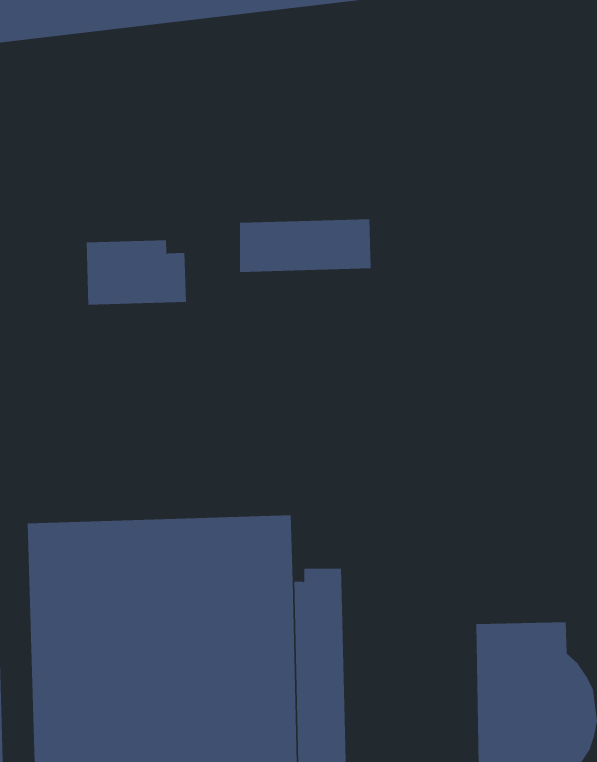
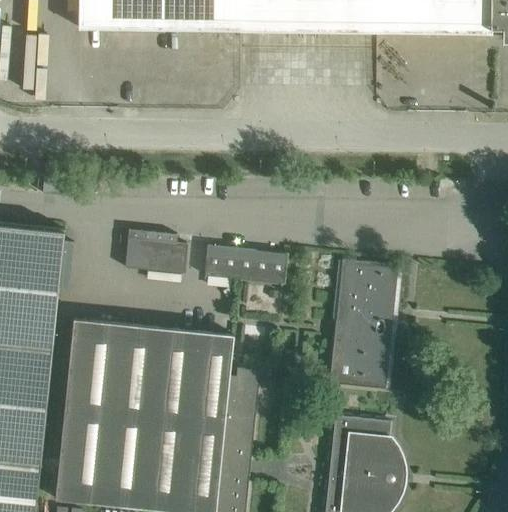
building: [239,219,372,272] -> [204,245,287,283]
building: [86,240,187,305] -> [125,229,188,273]
building: none -> [330,259,399,389]

